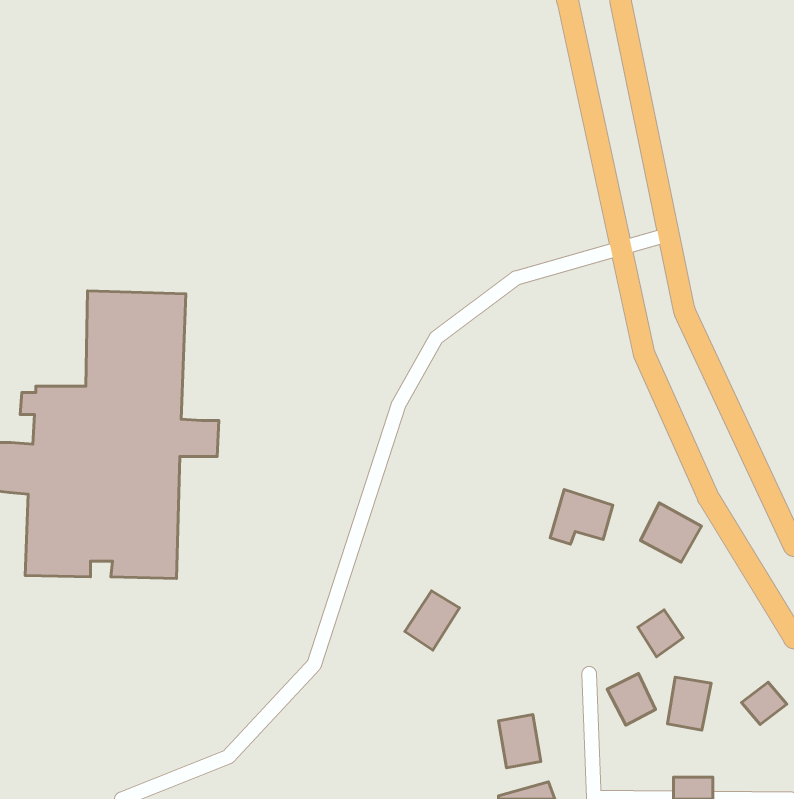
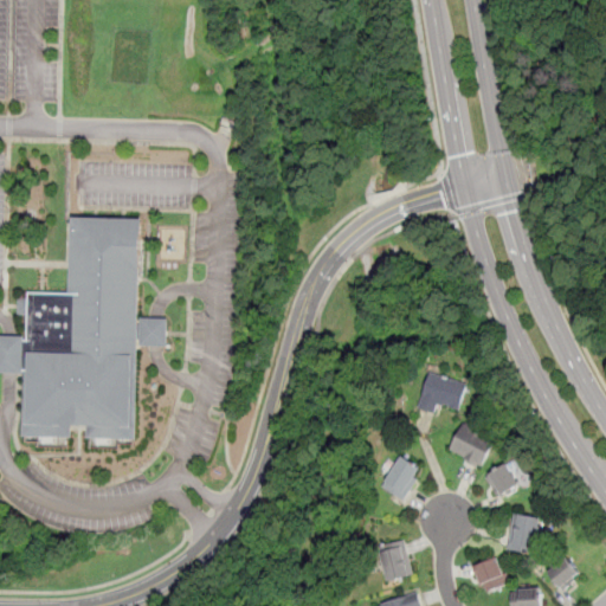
building: [640,503,701,562] -> [447,421,494,466]
building: [405,591,460,650] -> [379,454,420,499]
building: [607,674,656,725] -> [470,554,507,593]
building: [741,682,787,725] -> [544,557,579,589]

